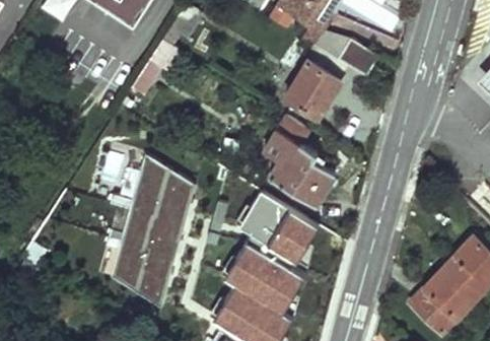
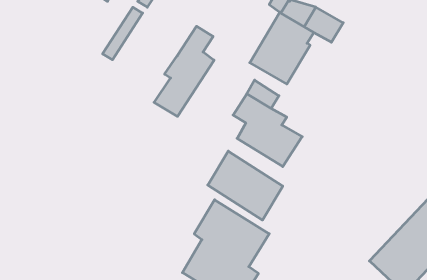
building: none -> [154,26,214,116]
building: [111,154,195,309] -> none

